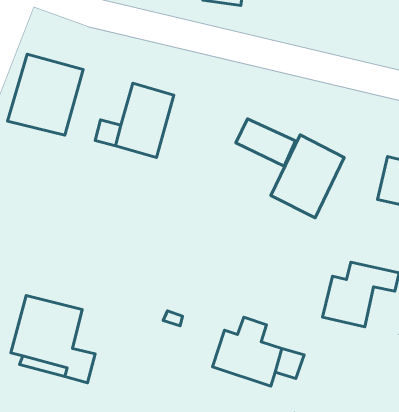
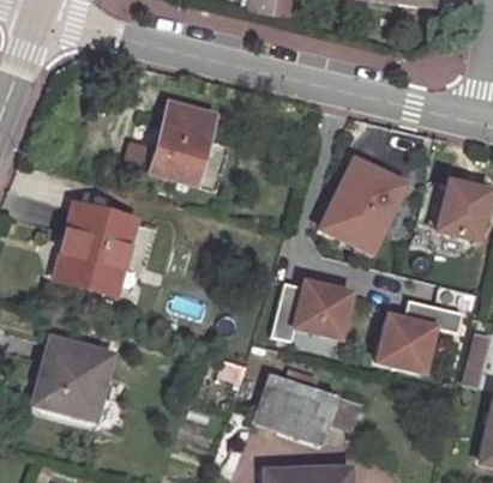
building: [8,54,83,135] -> [53,203,137,292]
building: [236,119,296,166] -> none
building: none -> [272,282,351,342]

